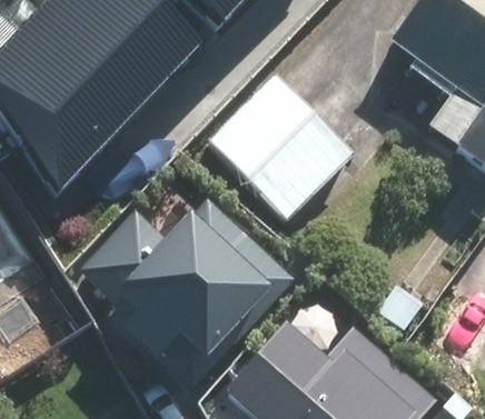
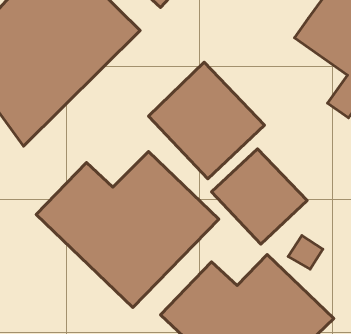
building: none -> [212,149,307,244]

